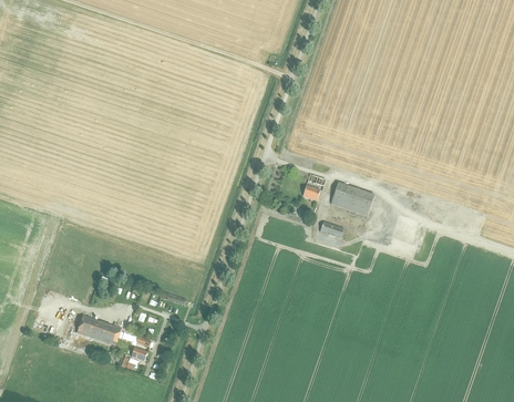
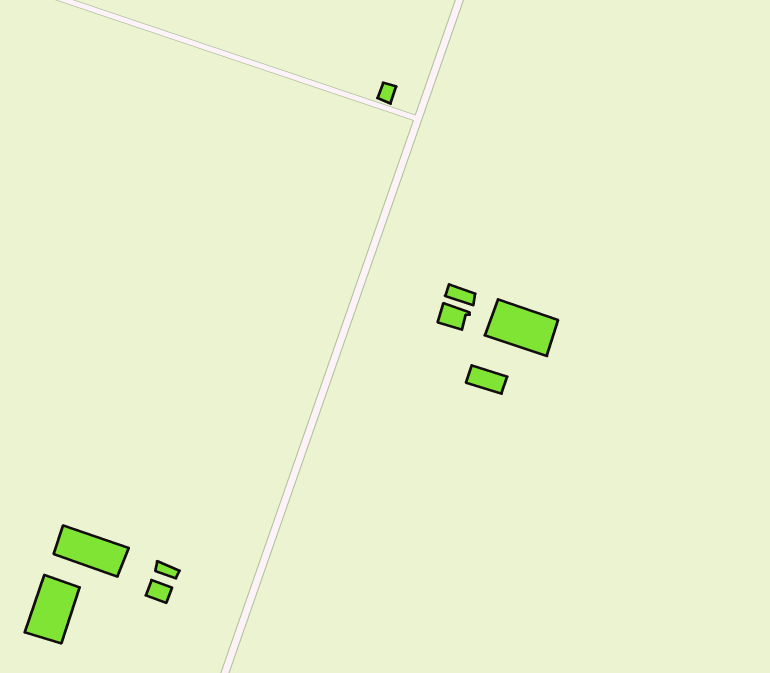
building: none -> [25,575,80,643]

